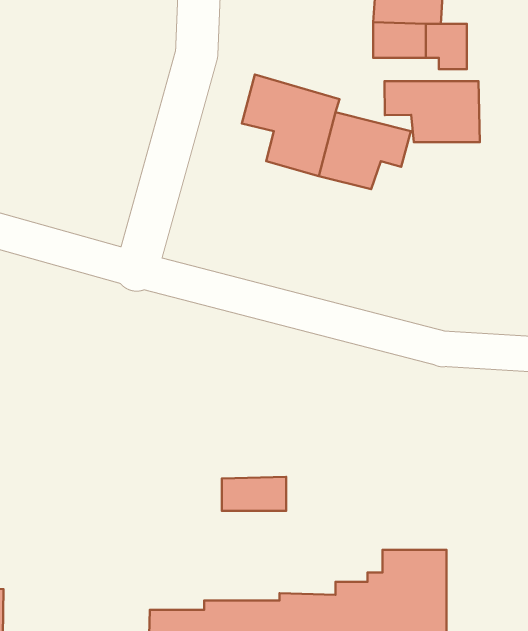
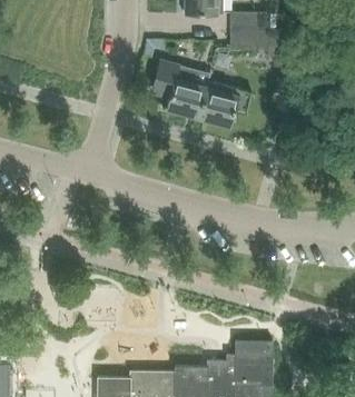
building: [384,81,480,142] -> none
building: [222,477,286,511] -> none

